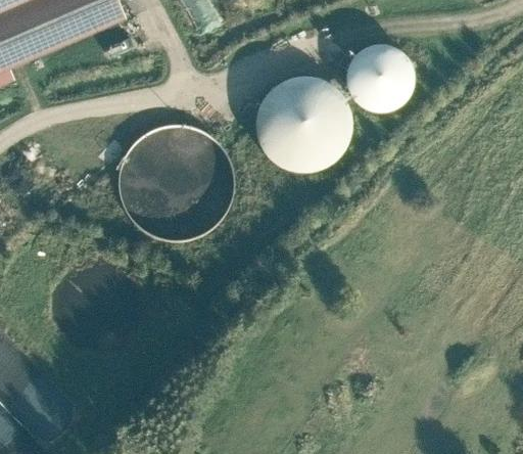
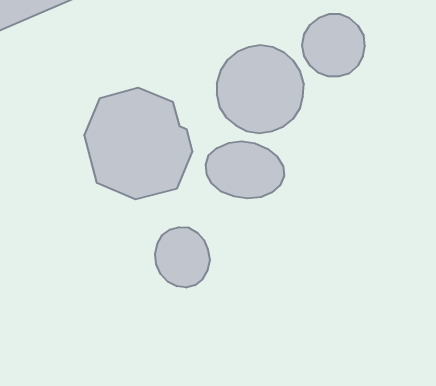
building: none -> [206,141,284,198]
building: none -> [155,227,210,288]

